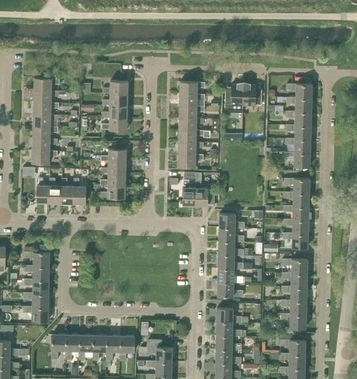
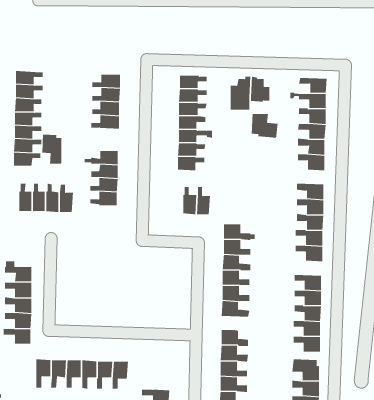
building: none -> [251,113,278,138]
building: none -> [42,134,62,165]
building: [146,339,172,362] -> none

